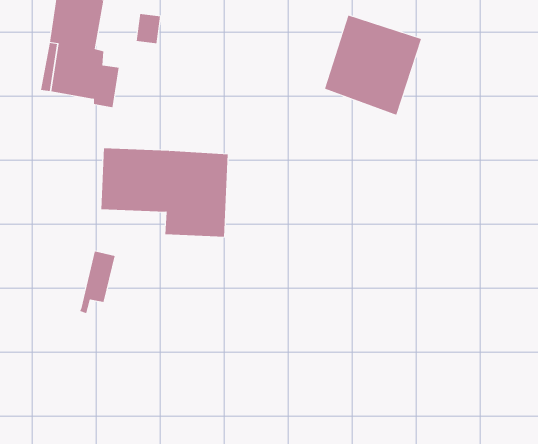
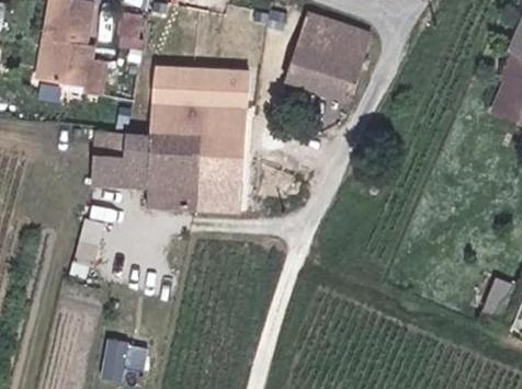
building: none -> [149,66,248,211]
building: none -> [104,336,150,376]

